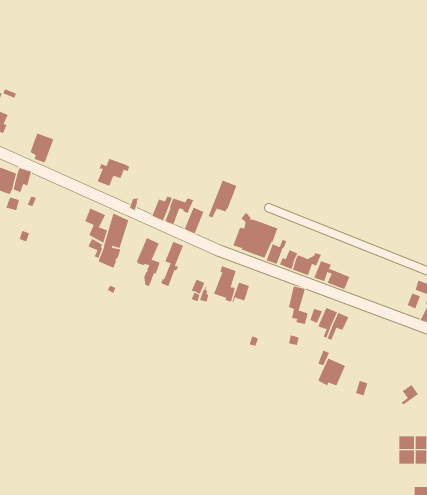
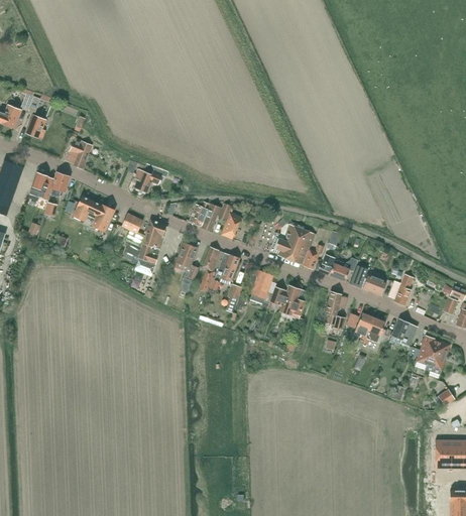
building: [208,180,237,218] -> [211,253,240,291]
building: none -> [73,196,115,232]
building: none -> [388,275,416,305]
building: none -> [279,285,305,316]
building: none -> [416,336,450,375]
building: [318,358,346,386] -> [389,318,418,347]

